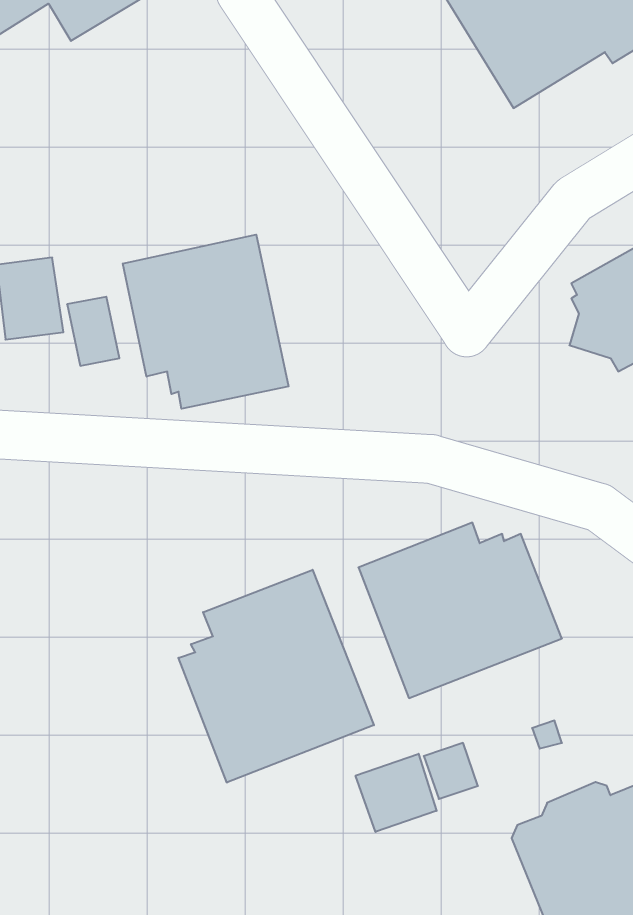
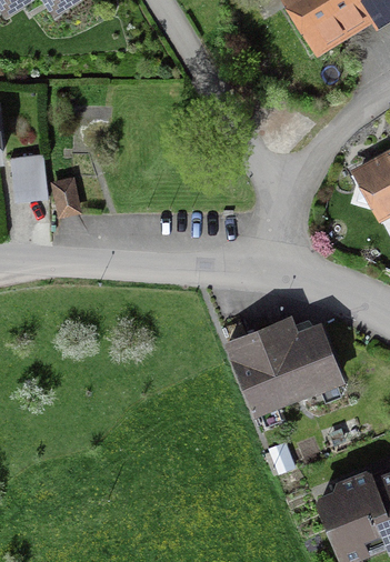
building: [123,235,289,409] -> none
building: [178,570,374,783] -> none
building: [356,754,437,832] -> none

